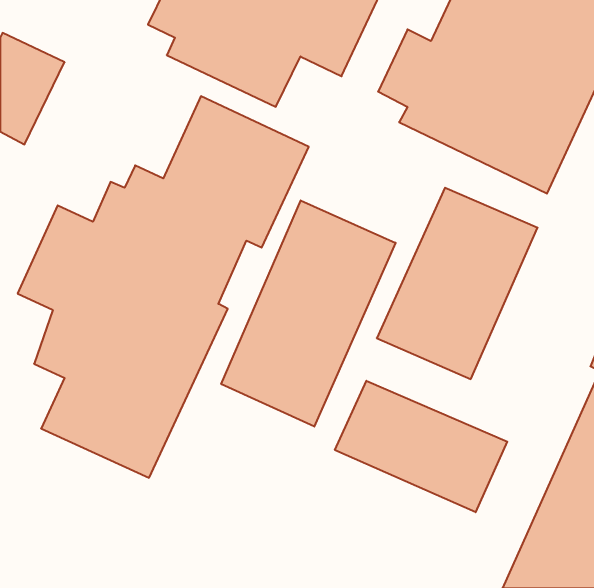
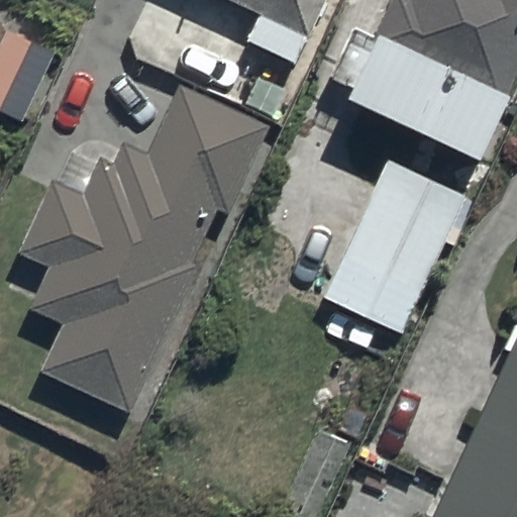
building: [221,200,396,427] -> none
building: [335,381,507,512] -> none

